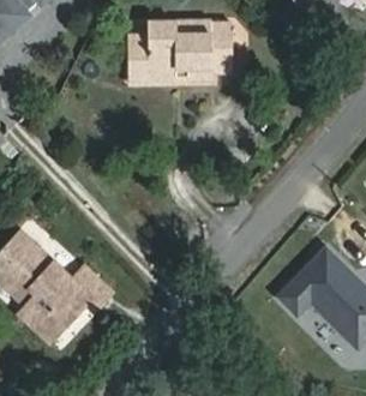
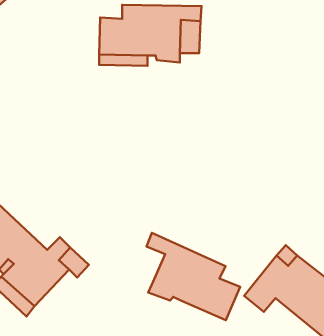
building: none -> [146,233,240,320]

